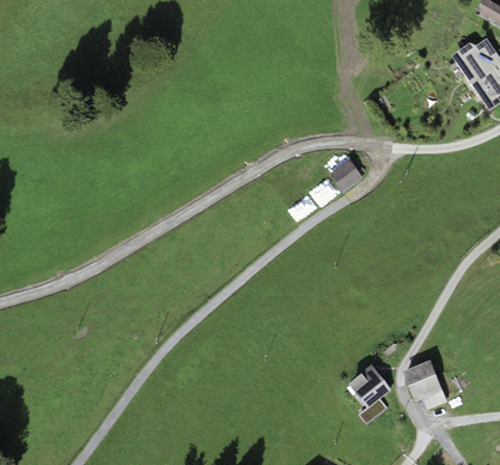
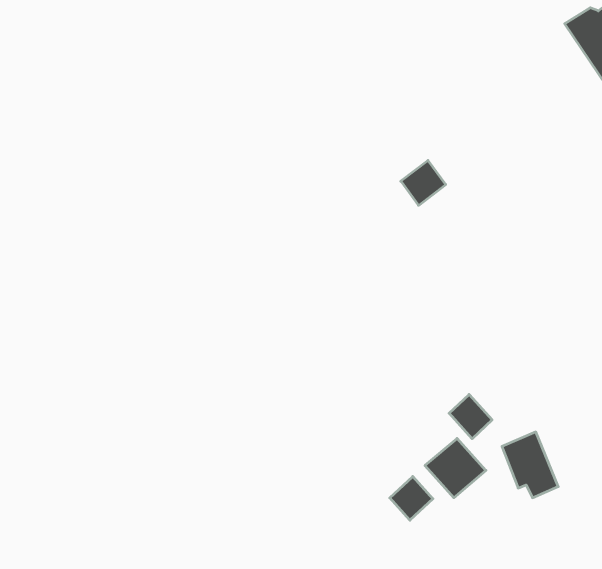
building: none -> [449,394,492,439]
building: none -> [390,476,433,520]

